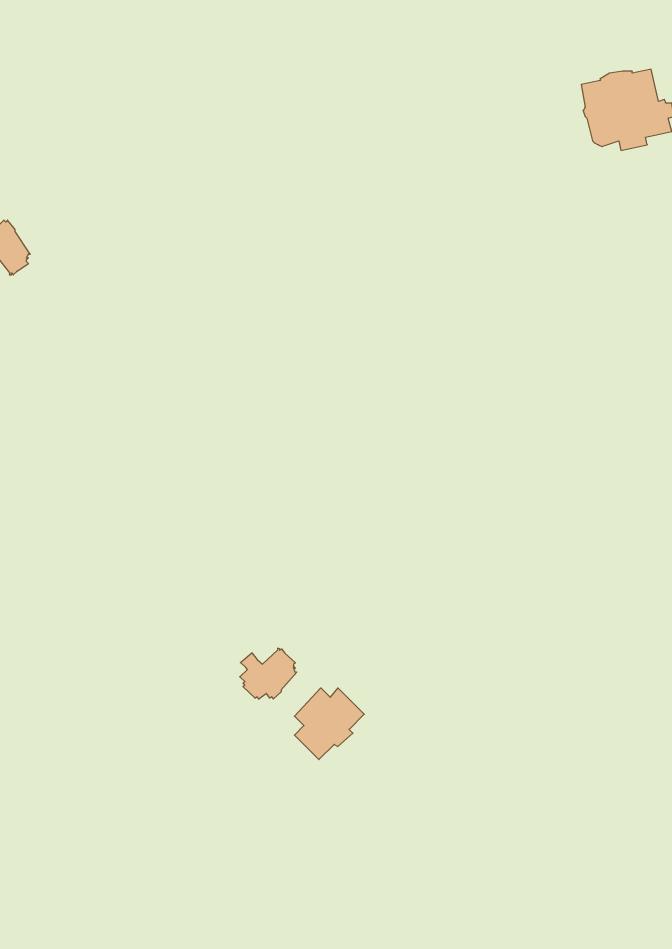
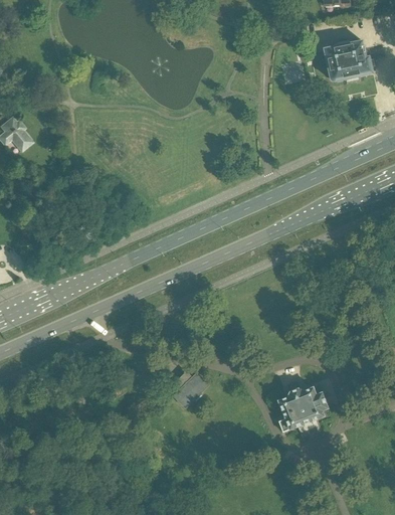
building: [240,648,297,699] -> none
building: none -> [278,385,330,431]

